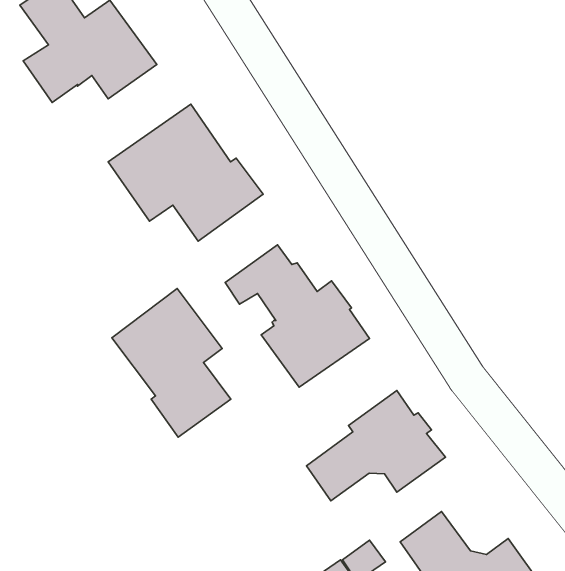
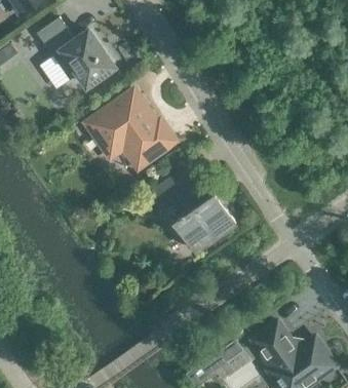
building: [112,288,231,437] -> none
building: [306,390,445,501] -> none

